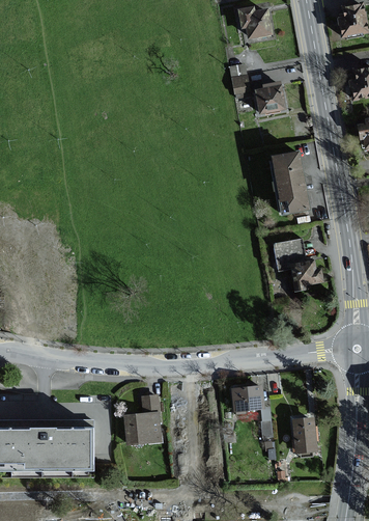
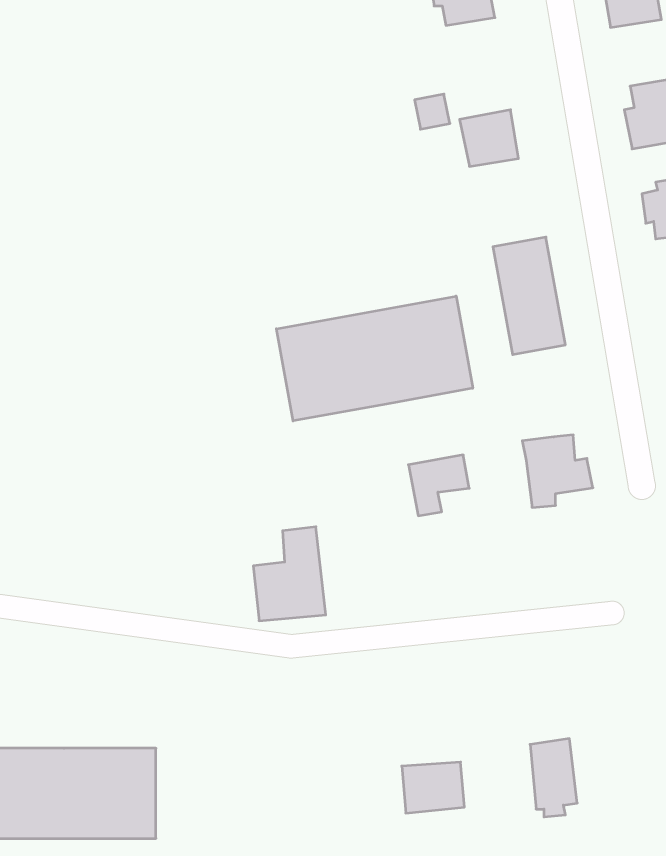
building: none -> [276,296,473,421]
building: [273,239,305,271] -> [408,455,469,516]
building: [232,384,265,411] -> [402,762,464,813]
building: [124,394,163,444] -> [253,527,326,621]

